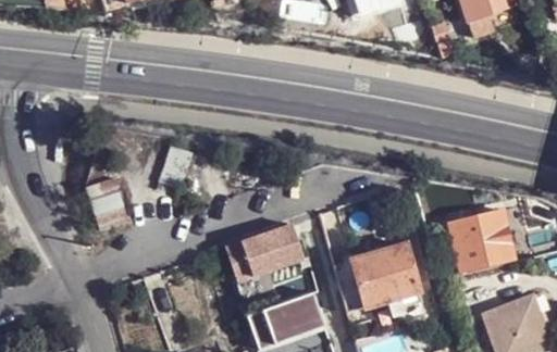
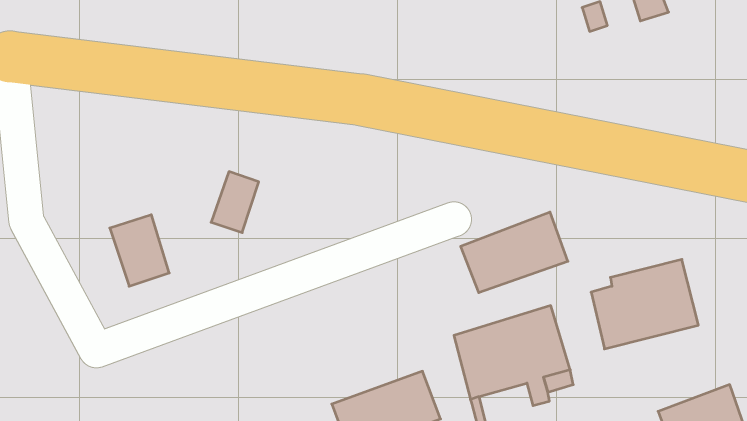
building: [226,222,305,280] -> [461,212,568,293]

